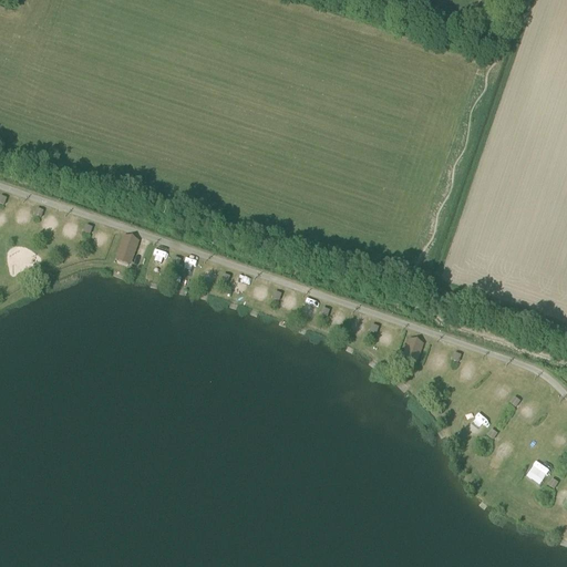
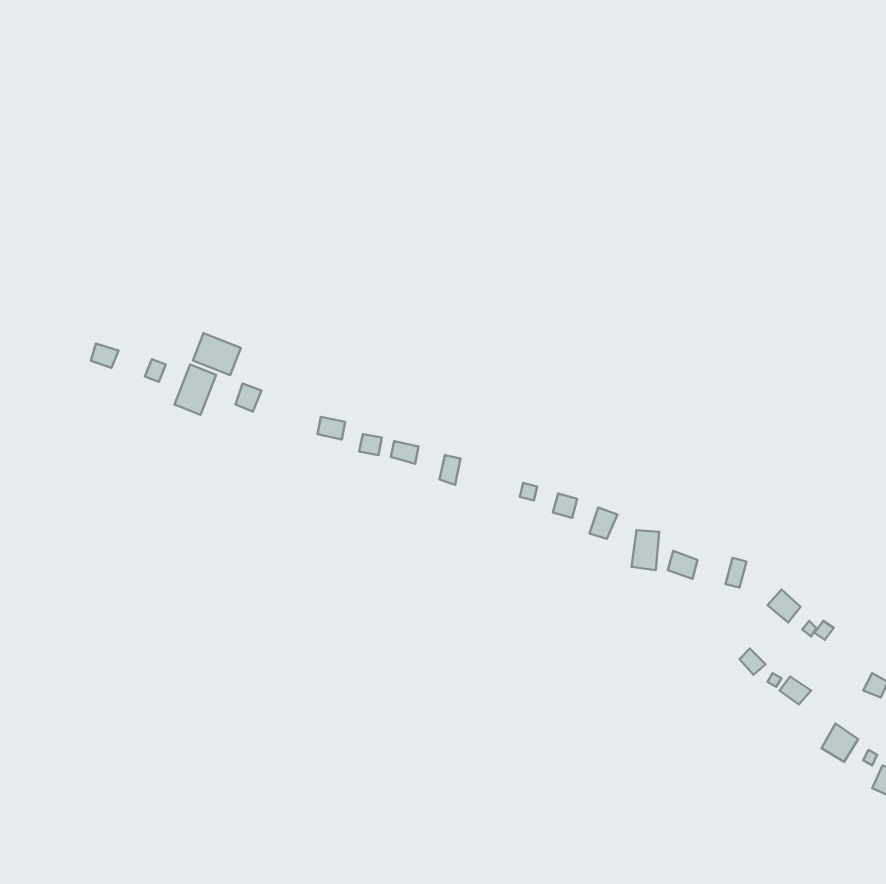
building: none -> [193,333,241,375]

